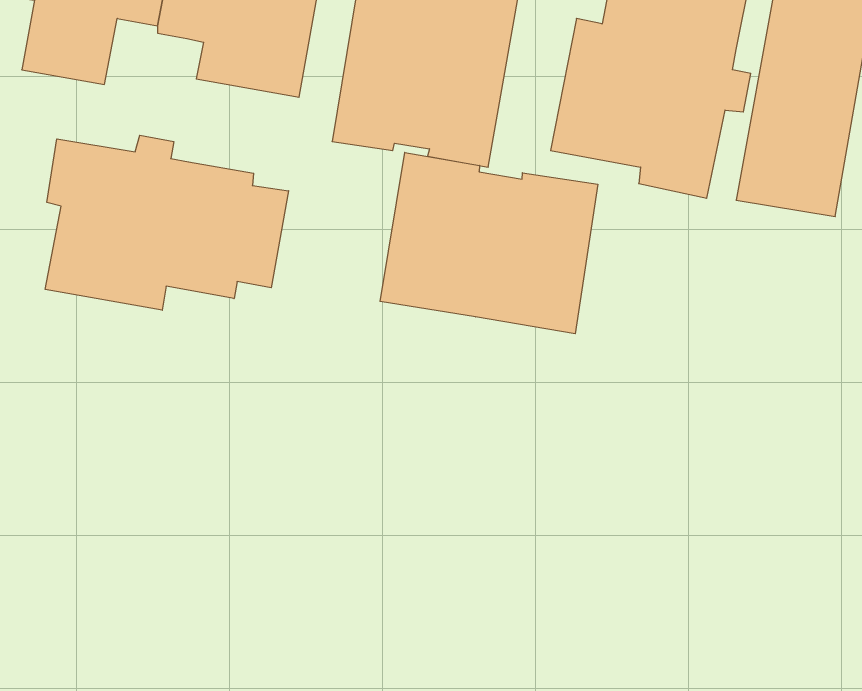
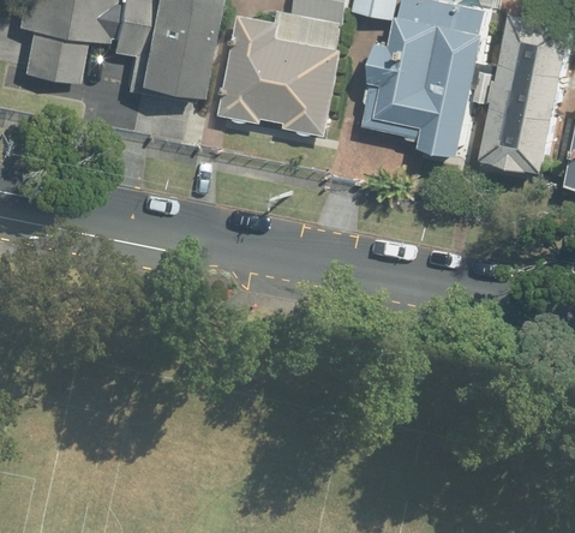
building: [45,135,289,310] -> none
building: [380,152,598,334] -> none

